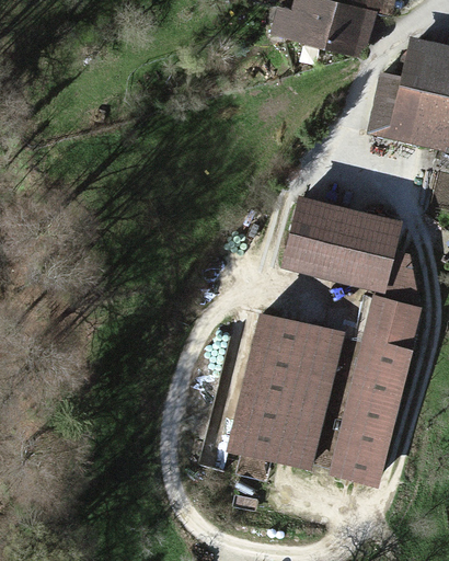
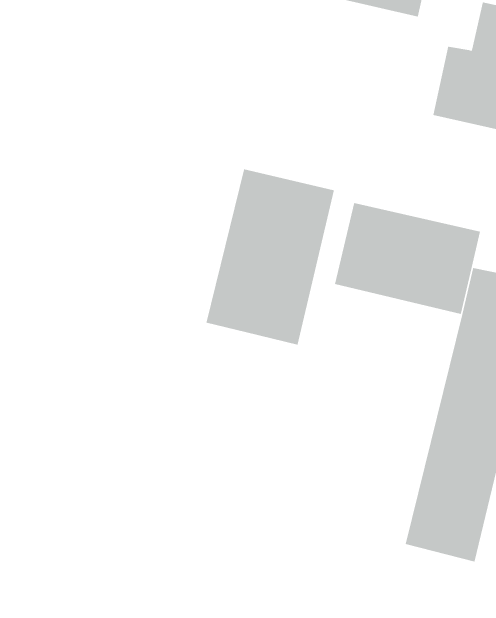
building: none -> [206,168,335,345]
building: [231,312,345,468] -> none

